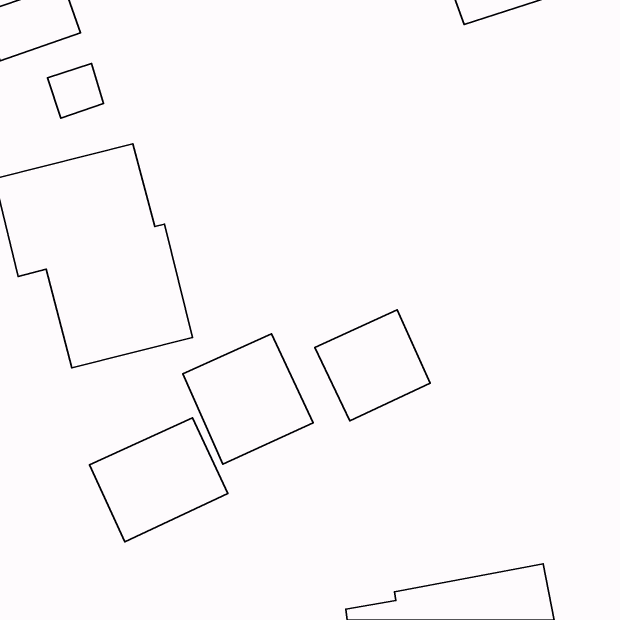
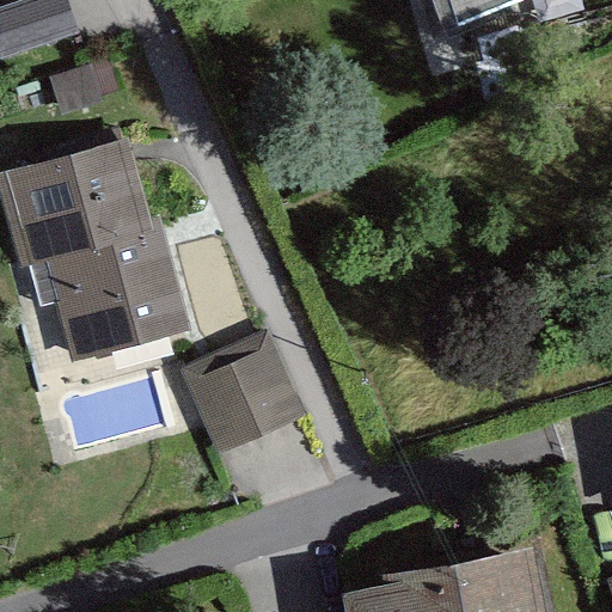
building: [315,310,430,421] -> none
building: [89,418,228,542] -> none

